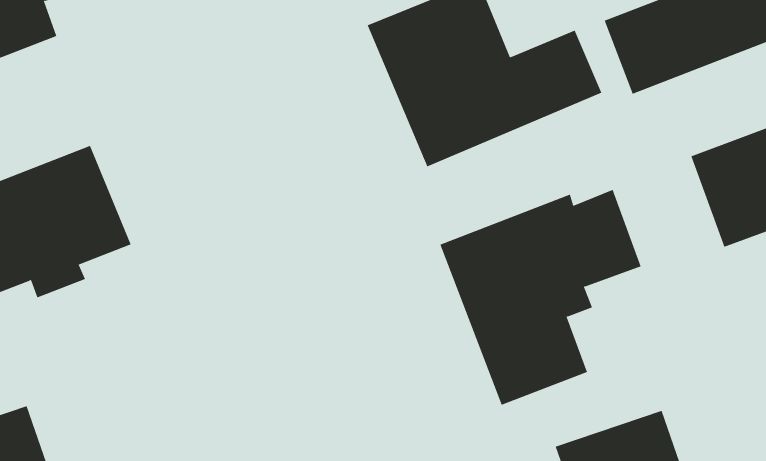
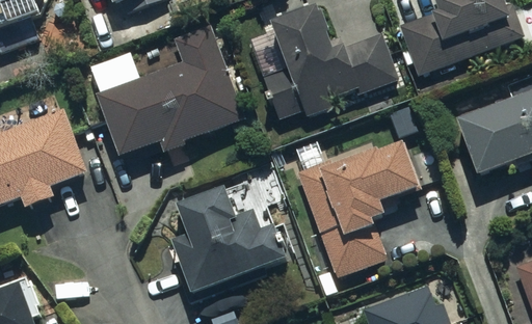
building: none -> [97,24,245,158]
building: none -> [171,186,287,295]

